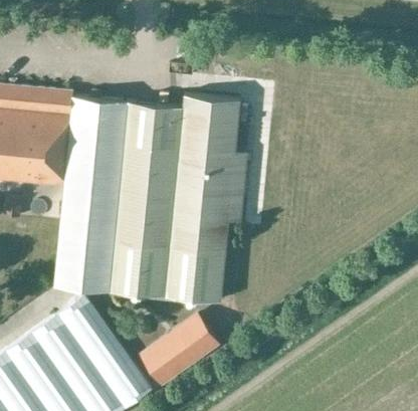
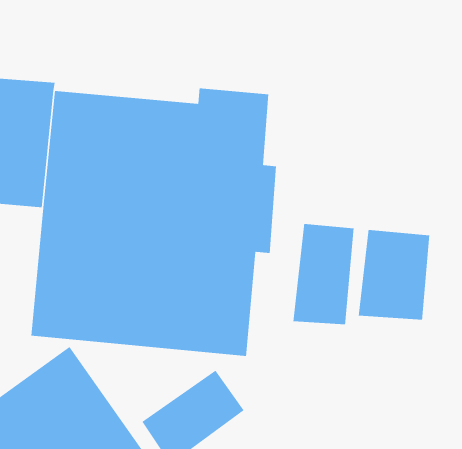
building: none -> [293,223,354,325]
building: none -> [358,229,430,321]

